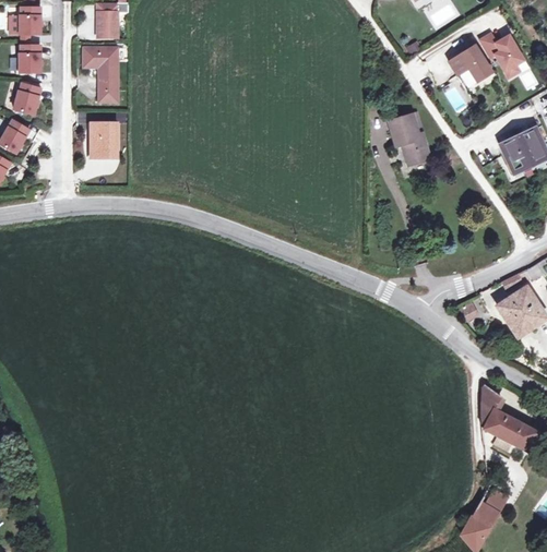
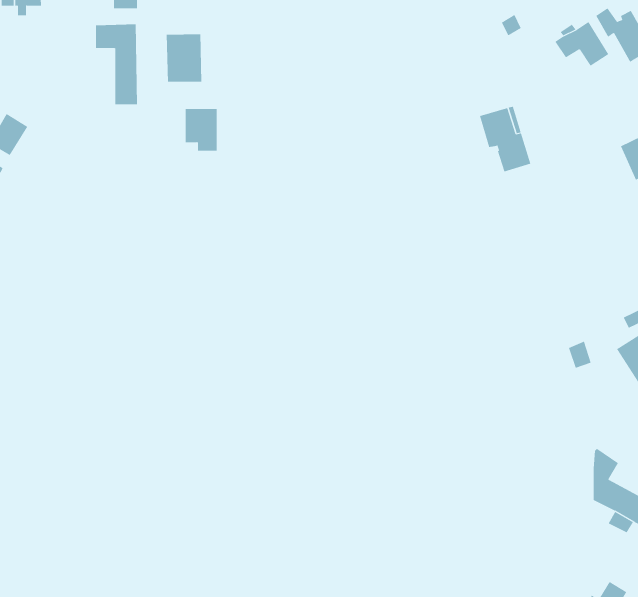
building: [19,44,40,71] -> none
building: none -> [166,34,202,83]
building: [13,82,40,113] -> none
building: [91,122,117,156] -> [185,108,218,151]

